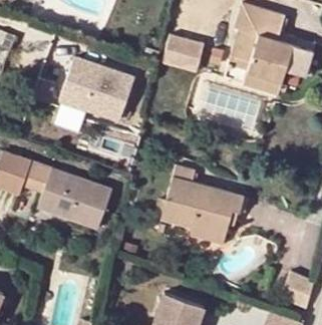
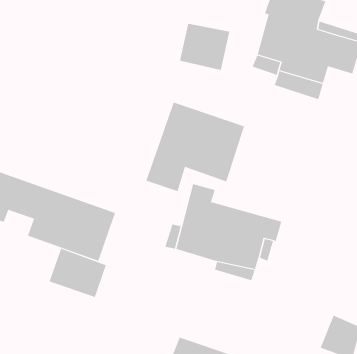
building: [51,57,133,131] -> [145,102,245,192]
building: none -> [49,248,107,298]

